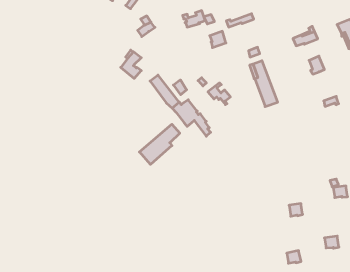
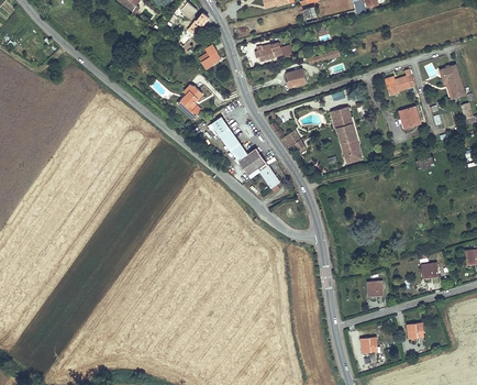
building: [139,124,180,164] -> none

